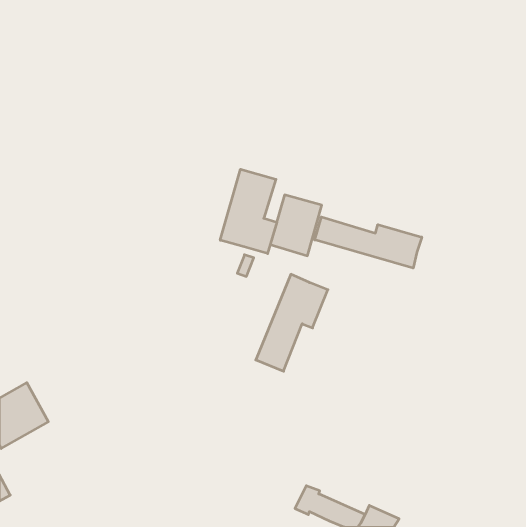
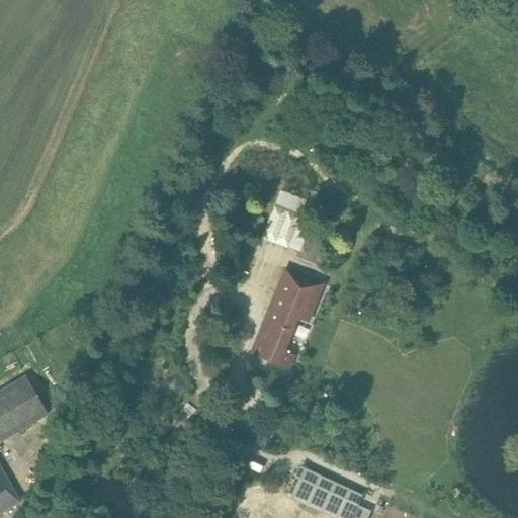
building: [220,169,277,254] -> none
building: [315,217,422,268] -> none

